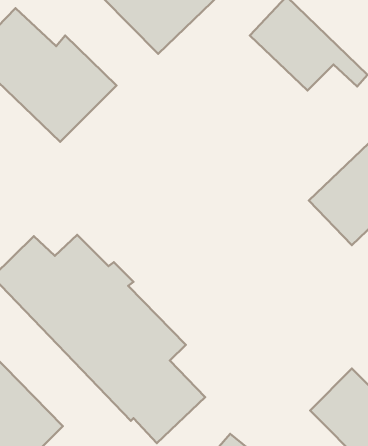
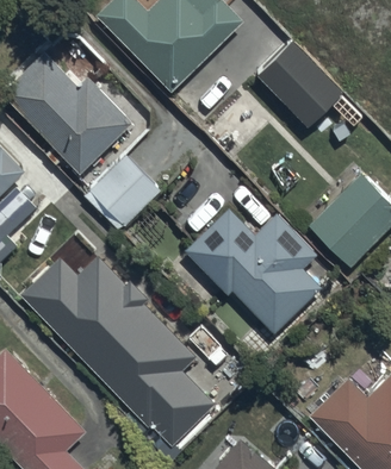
building: none -> [85,155,162,232]
building: none -> [184,207,321,332]

